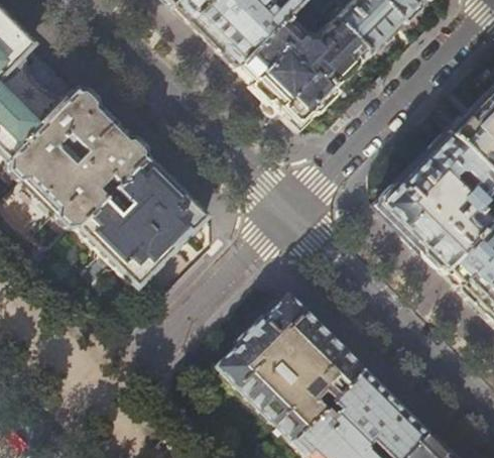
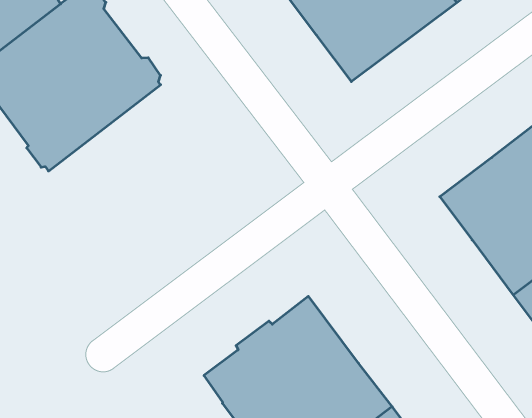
building: [76,149,211,287] -> none

